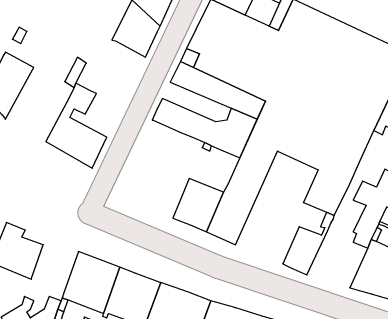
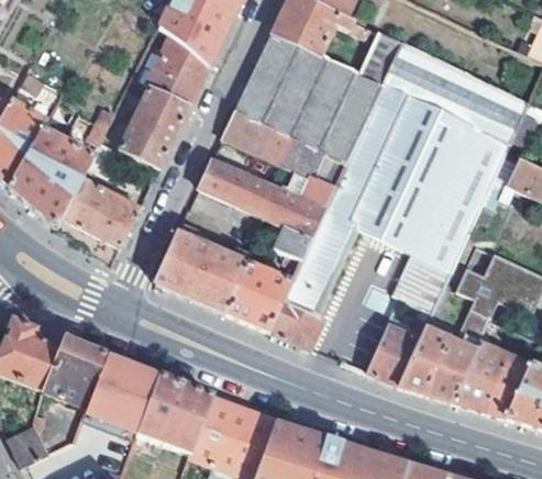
building: none -> [119,85,189,167]
building: none -> [10,129,91,223]
building: none -> [273,223,310,268]
building: none -> [154,232,245,311]
building: none -> [396,327,474,400]
building: none -> [43,336,103,406]

